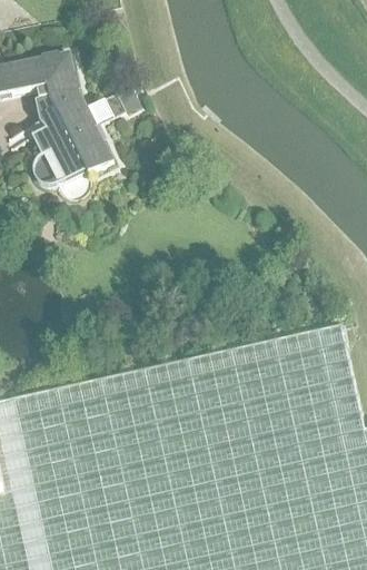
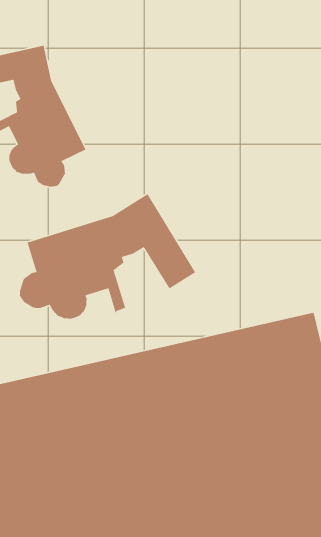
building: none -> [19,193,196,319]

